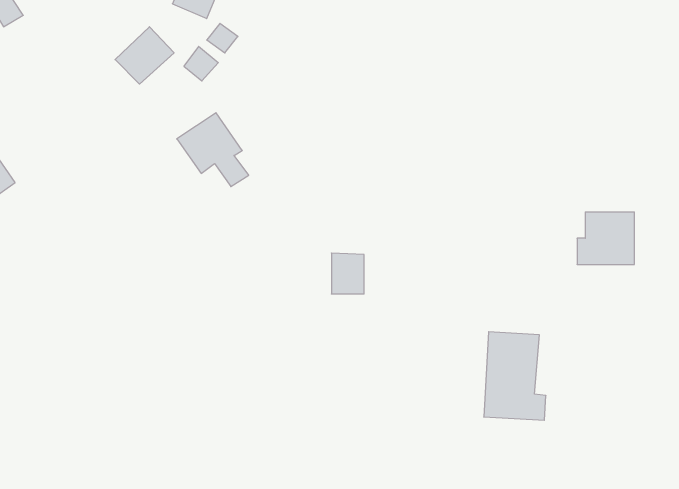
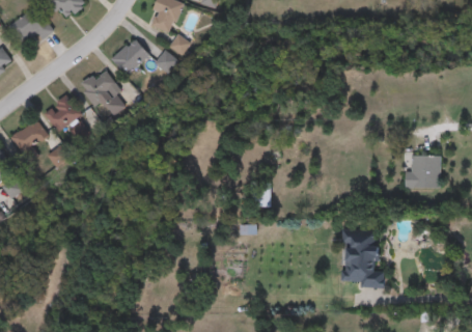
building: [177,113,249,187] -> [80,67,126,114]
building: none -> [45,95,82,132]

